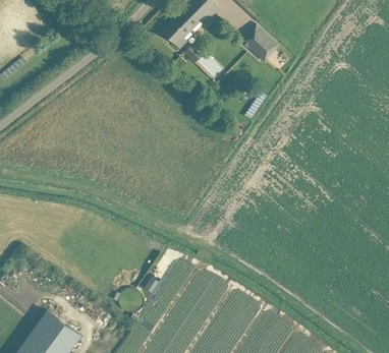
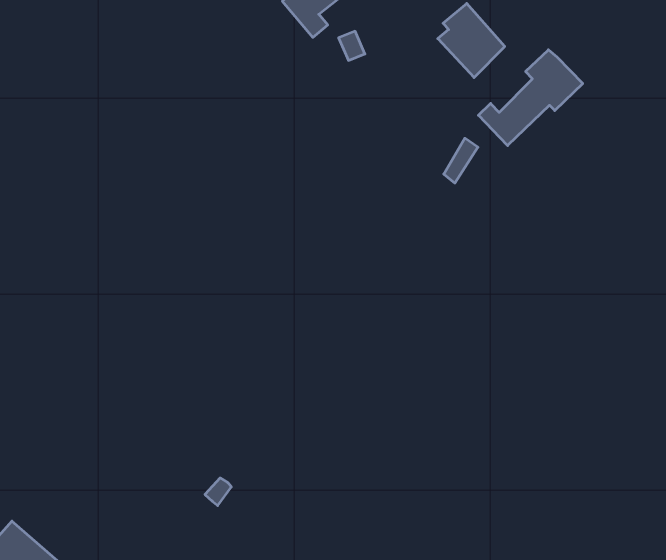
building: none -> [478,50,583,146]

